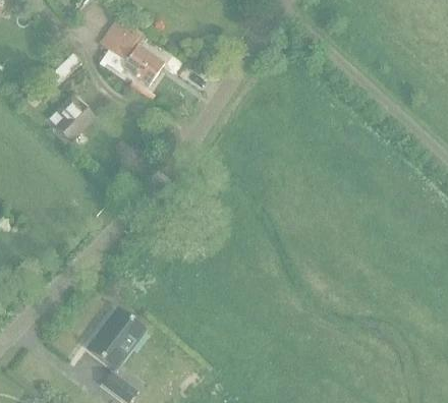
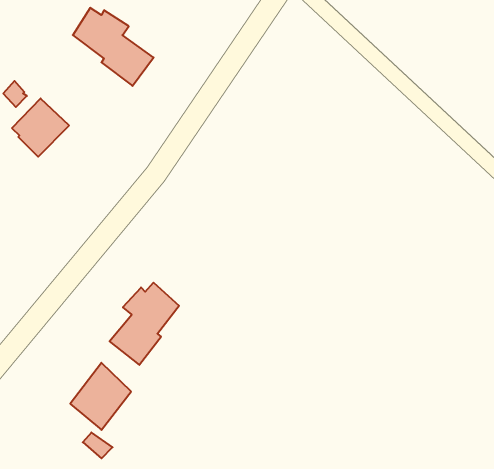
building: none -> [110,283,179,365]

